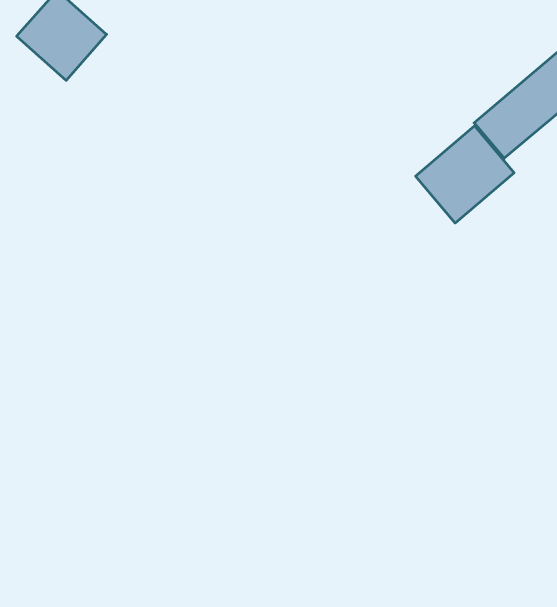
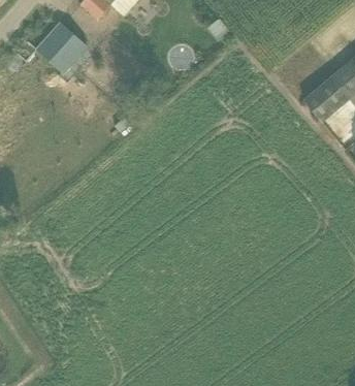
building: [416,126,514,223] -> none

